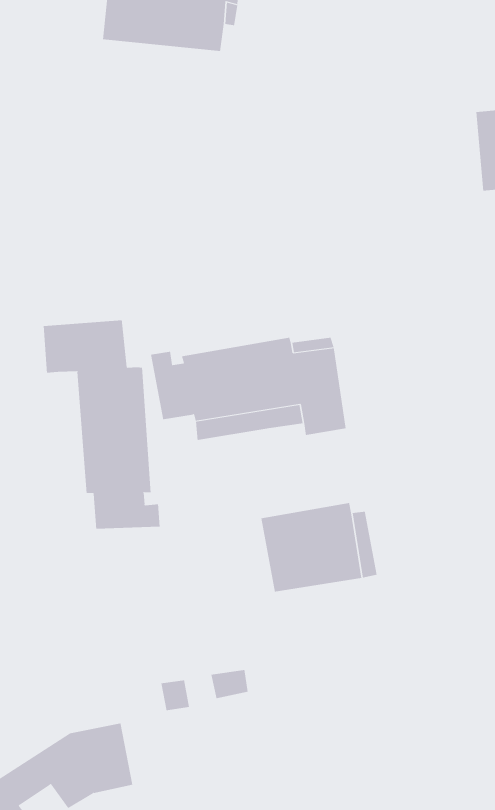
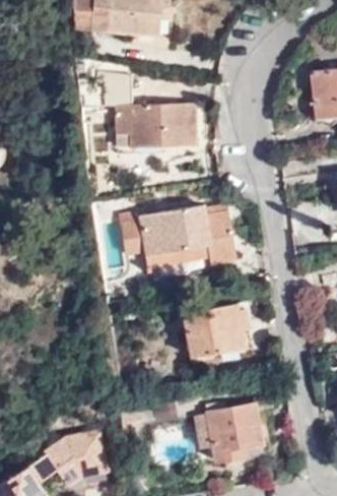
building: none -> [102,70,195,148]
building: [43,320,160,530] -> none
building: none -> [207,402,267,460]

